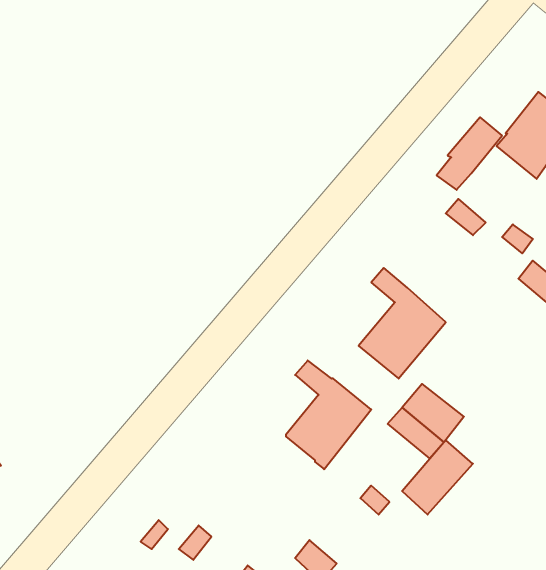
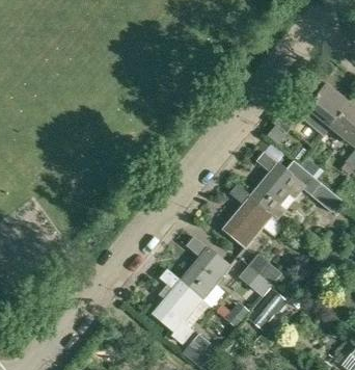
building: none -> [250,153,304,219]
building: none -> [153,270,197,334]

